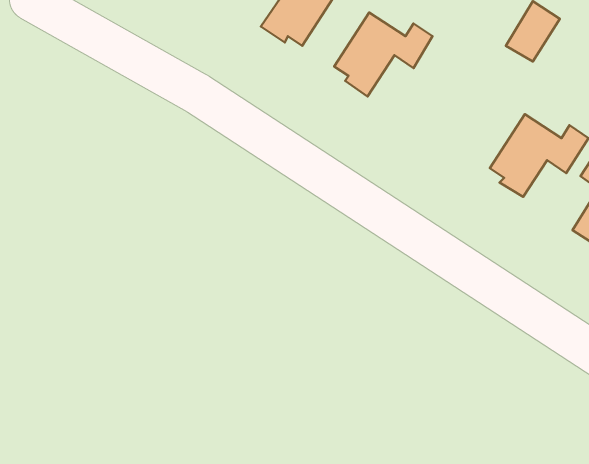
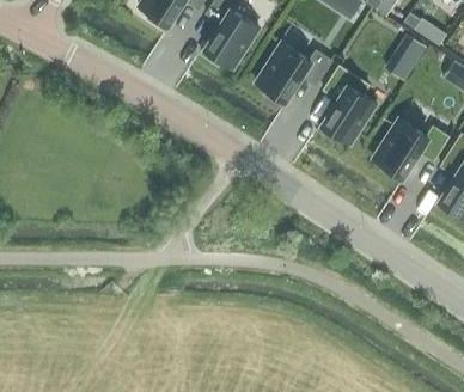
building: none -> [318,66,376,143]

